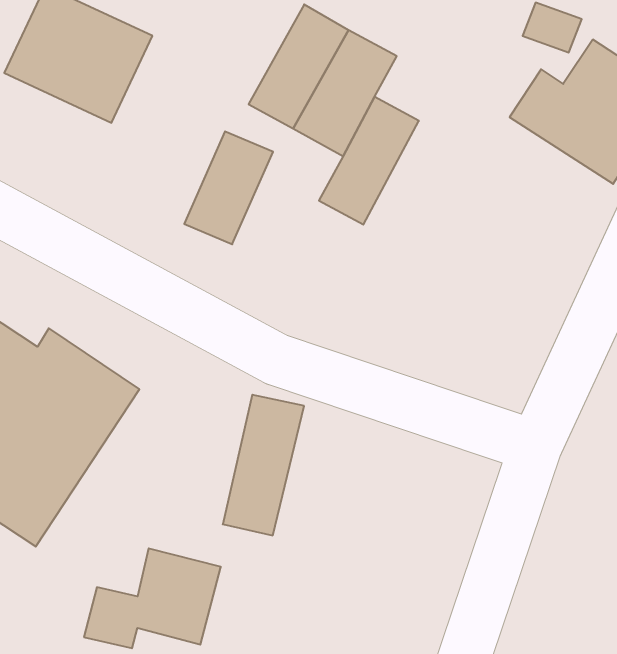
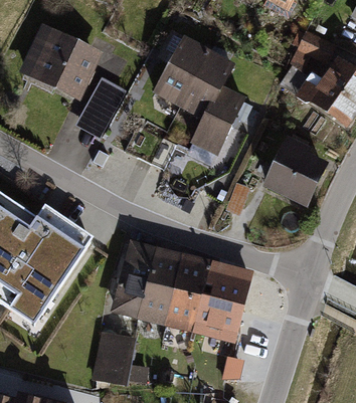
building: [184,131,273,244] -> [75,75,124,137]
building: none -> [262,137,331,208]
building: none -> [109,241,153,318]
building: none -> [164,253,208,331]
building: none -> [206,265,269,342]

